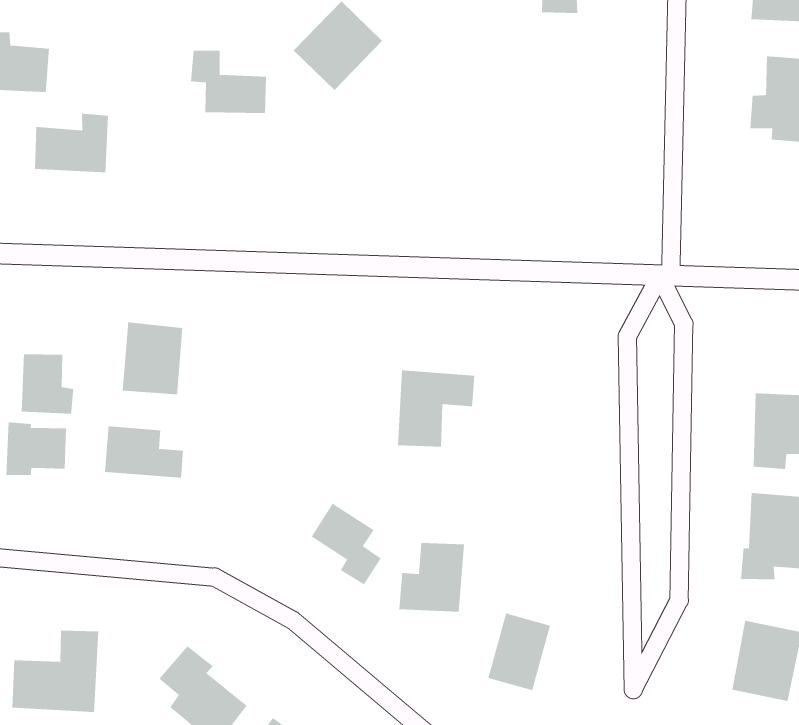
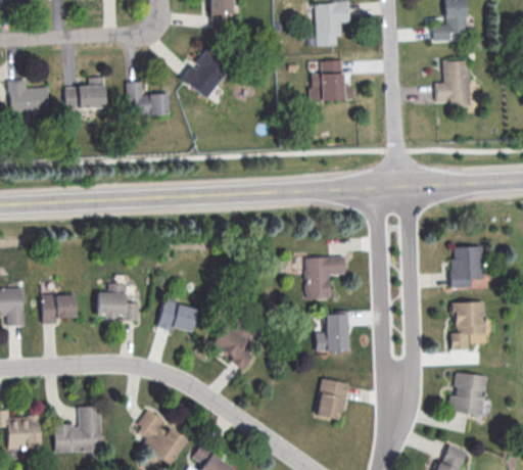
building: none -> [310,59,352,100]
building: [34,113,109,173] -> [64,77,105,109]
building: [122,321,183,395] -> none
building: [21,353,74,415] -> none
building: [397,370,475,447] -> [304,256,345,298]
building: none -> [158,299,198,333]
building: [399,542,465,612] -> [316,313,349,351]

